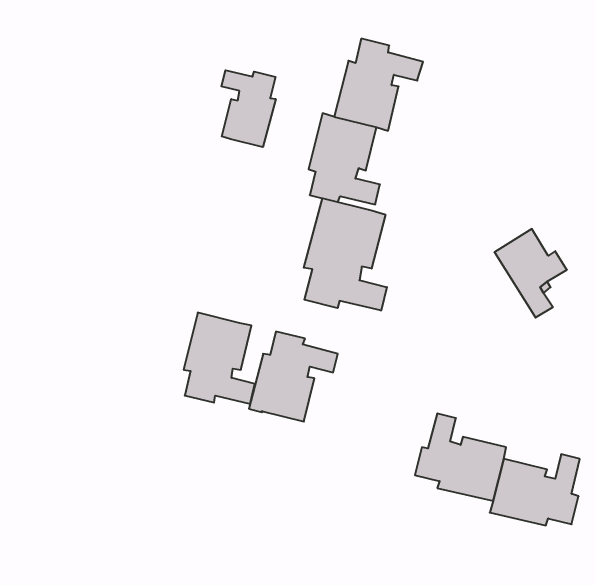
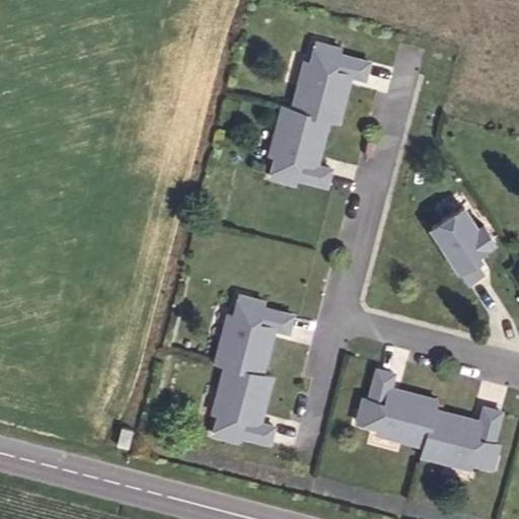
building: [221,70,276,147] -> none
building: [304,198,387,311] -> none
building: [184,313,255,404] -> [215,367,277,446]

